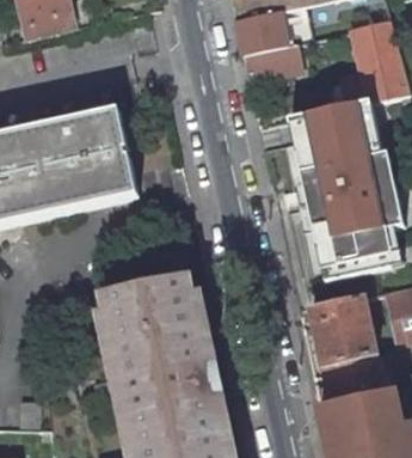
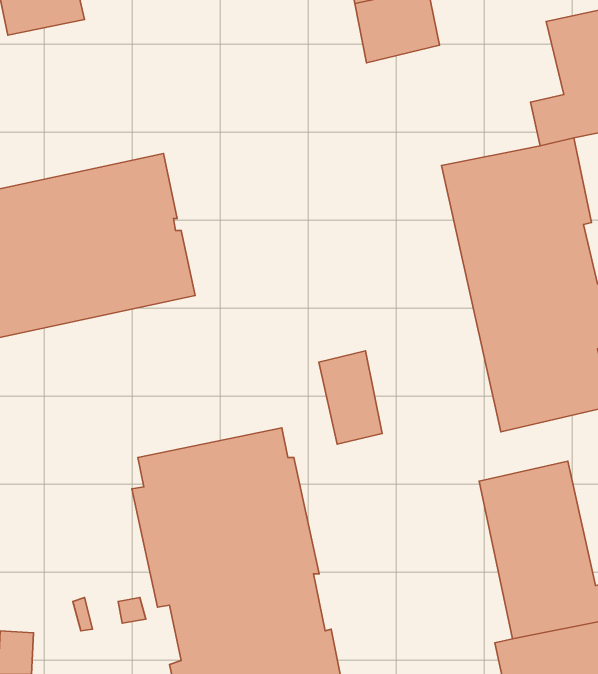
building: [242,42,301,77] -> none
building: none -> [319,351,382,444]

